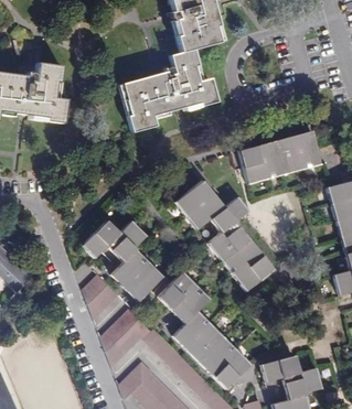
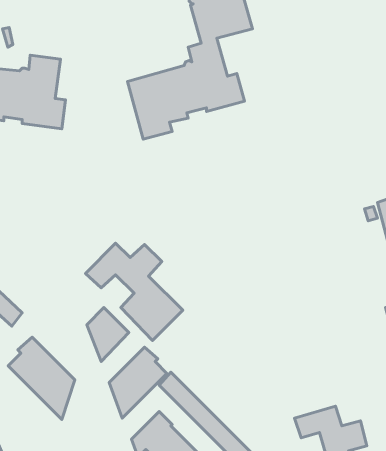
building: [239,128,321,183] -> none
building: [175,180,275,290] -> none
building: [159,270,253,388] -> none
building: none -> [8,337,75,419]

